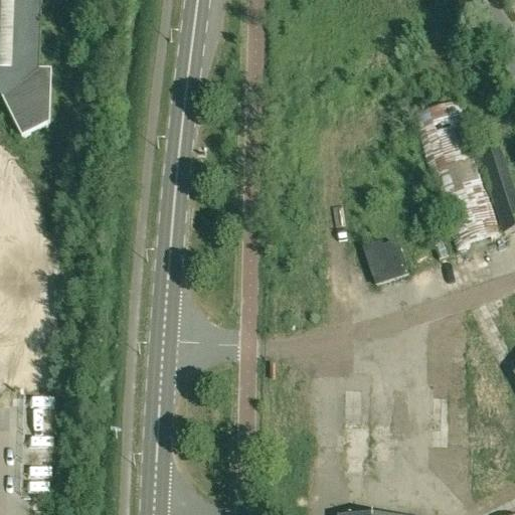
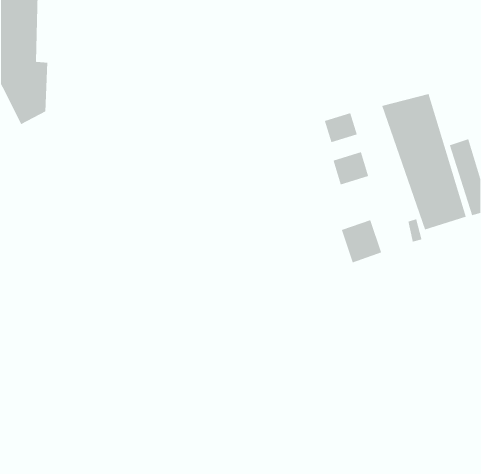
building: none -> [324,112,358,143]
building: none -> [332,151,369,186]

